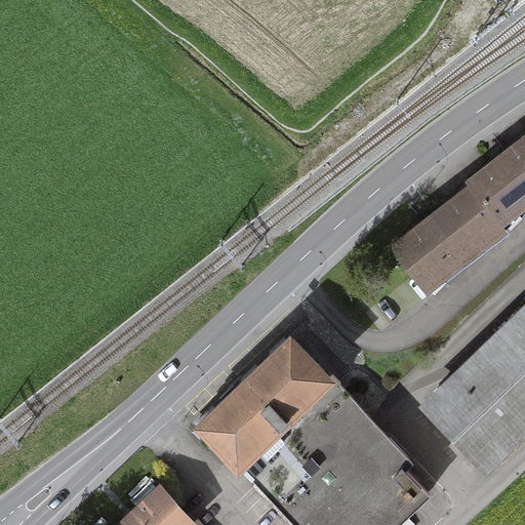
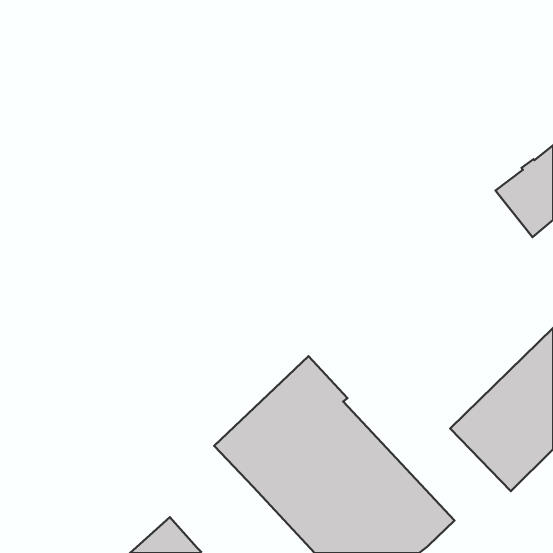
building: [395,185,508,289] -> none

